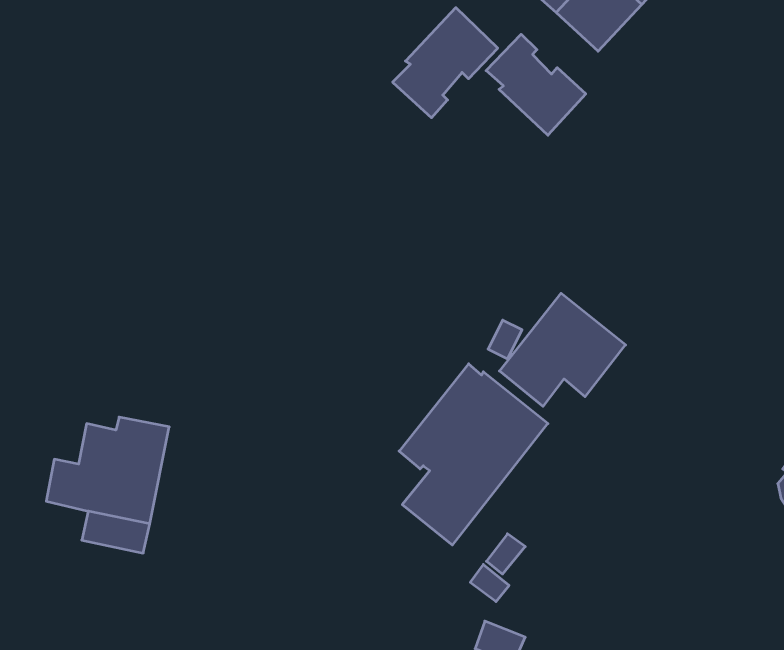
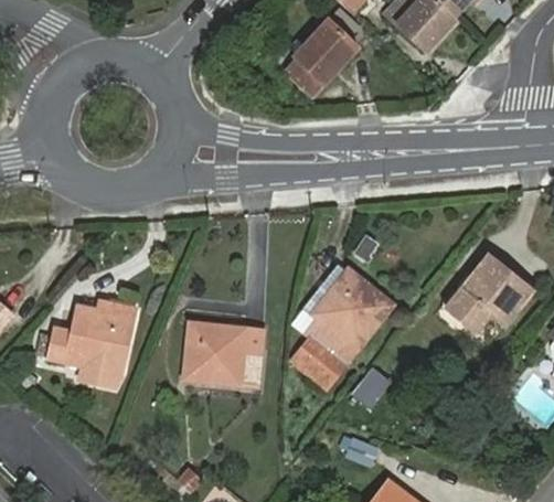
building: [486,34,586,135] -> none
building: [499,293,626,406] -> [446,254,532,331]
building: none -> [183,321,262,386]

